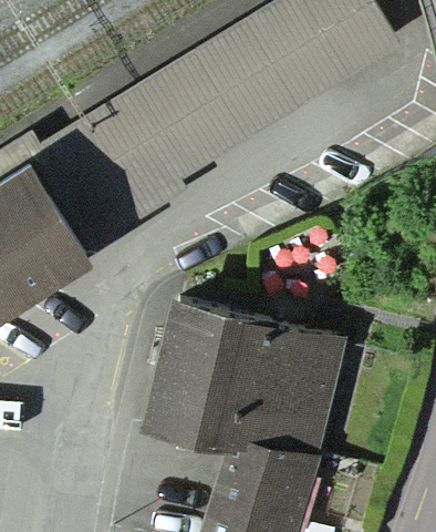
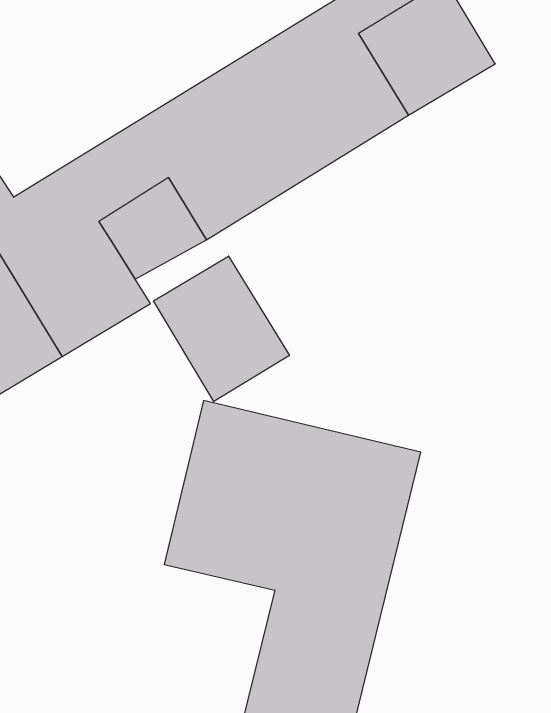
building: none -> [153,256,289,402]

